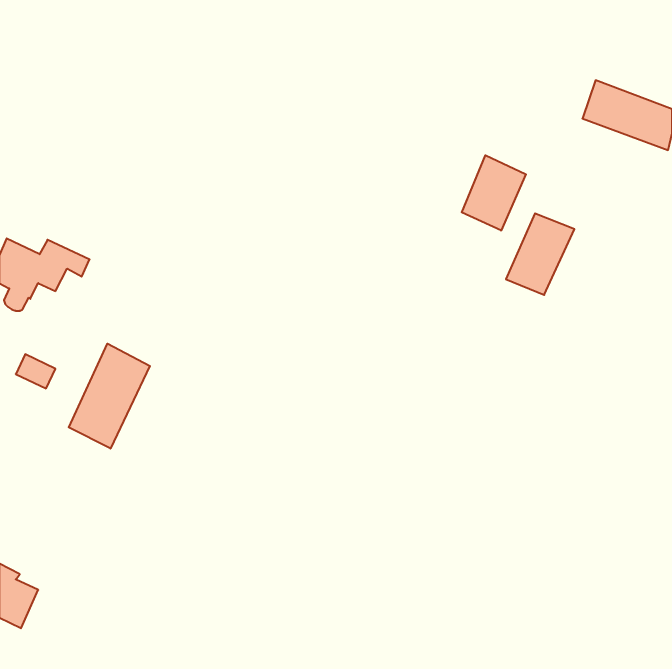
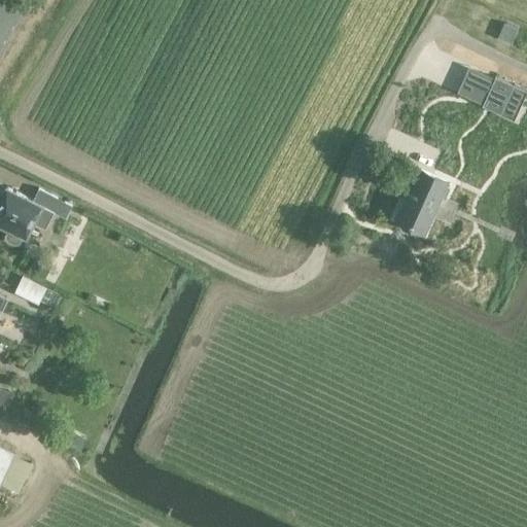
building: [462,155,526,231] -> none
building: [69,344,150,449] -> none

